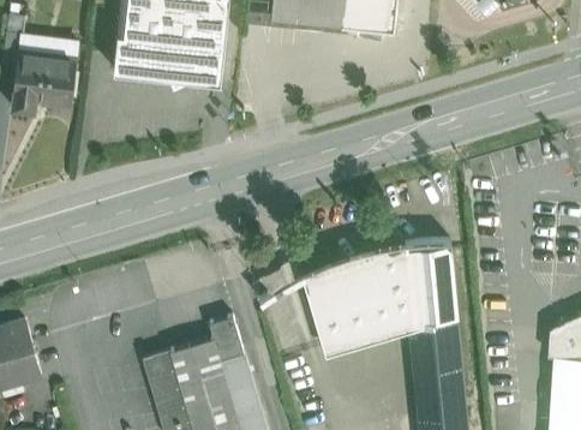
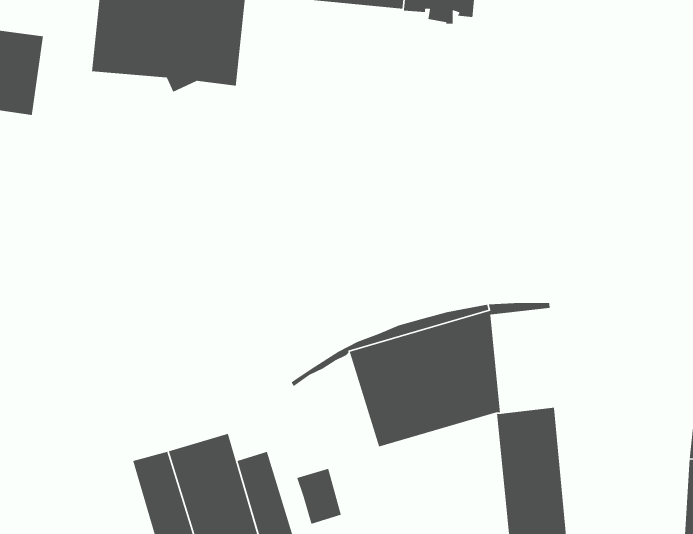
building: [407,247,457,324] -> none
building: [209,317,242,359] -> [296,468,342,525]

